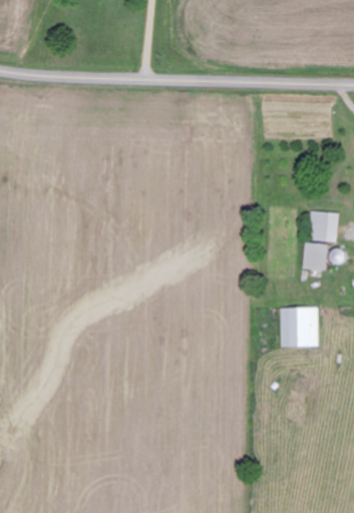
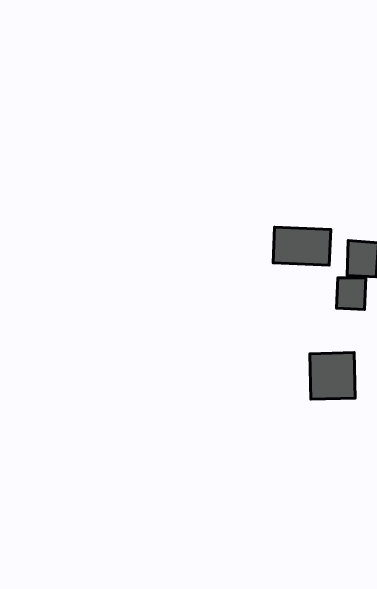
building: none -> [273,227,331,265]

